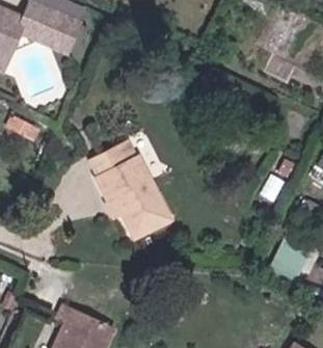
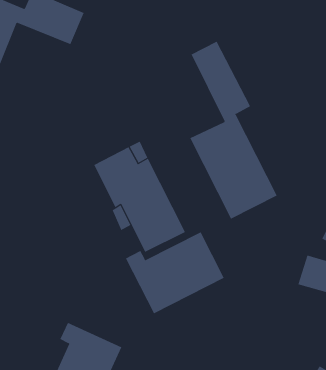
building: none -> [190,41,277,219]
building: none -> [125,232,224,314]

